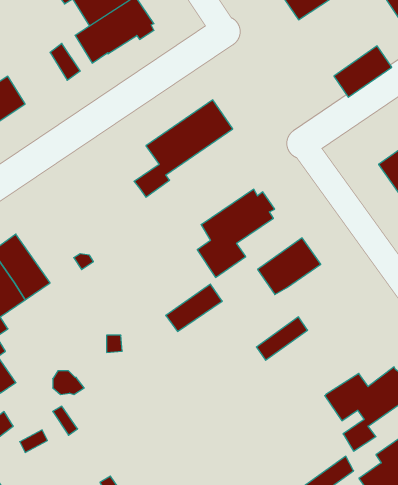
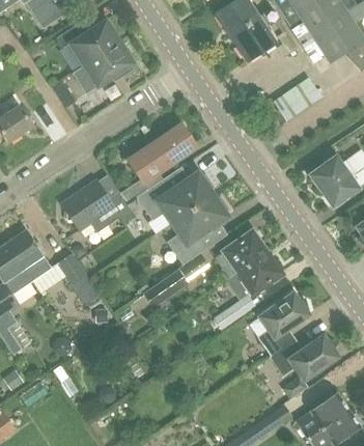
building: none -> [138,172,214,222]
building: none -> [61,180,134,232]
building: none -> [56,253,102,306]
building: none -> [239,253,280,292]
building: none -> [257,292,309,356]

